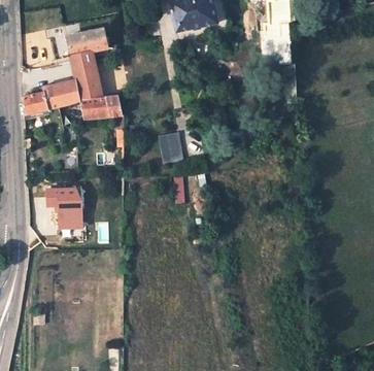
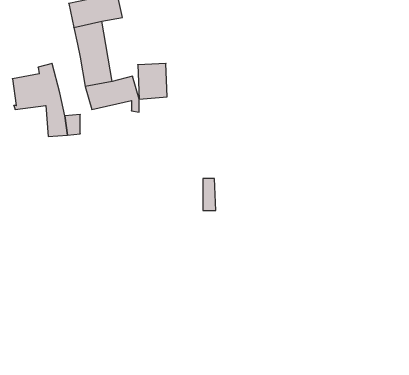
building: [53,79,79,108] -> none
building: [159,133,182,162] -> [138,63,167,99]
building: [49,187,86,229] -> none

